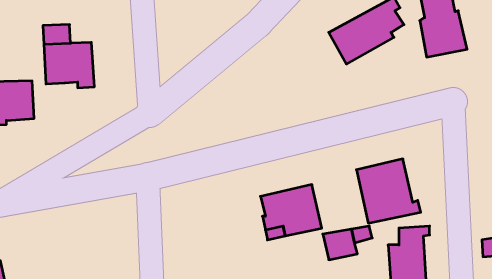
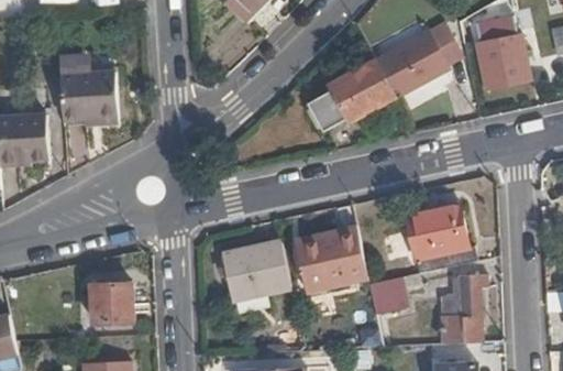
building: none -> [306,61,395,133]
building: none -> [222,242,289,299]
building: none -> [91,284,134,324]

